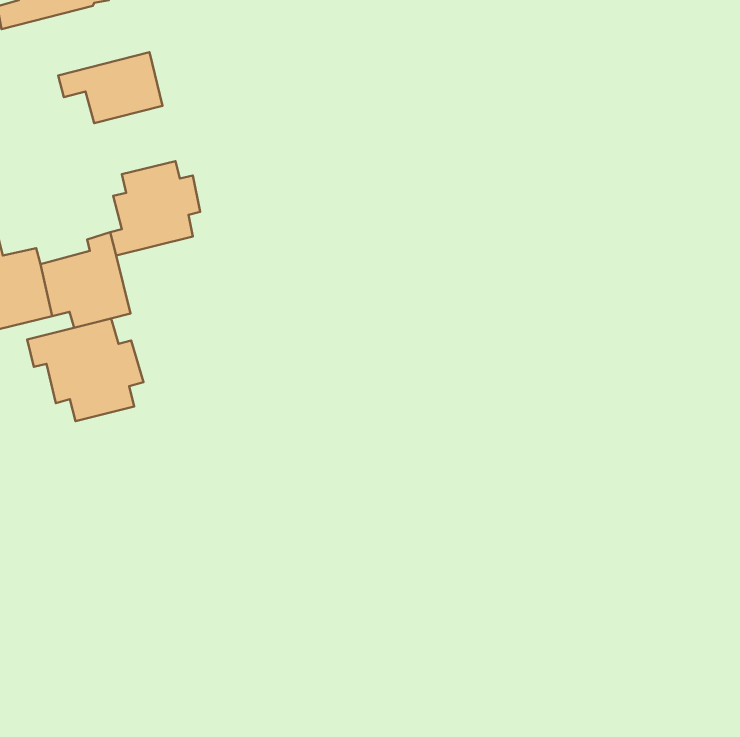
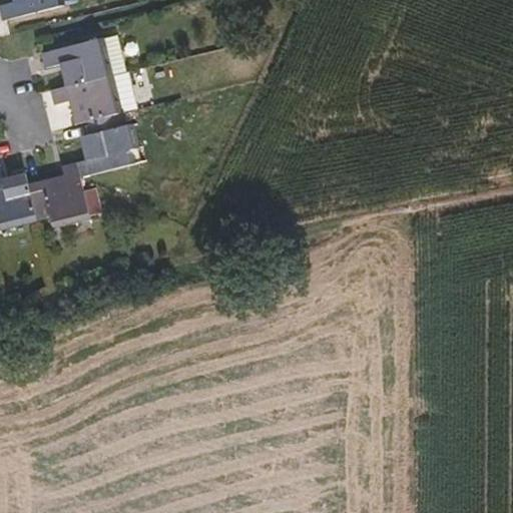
building: none -> [49,73,121,123]
building: [27,319,143,421] -> none

